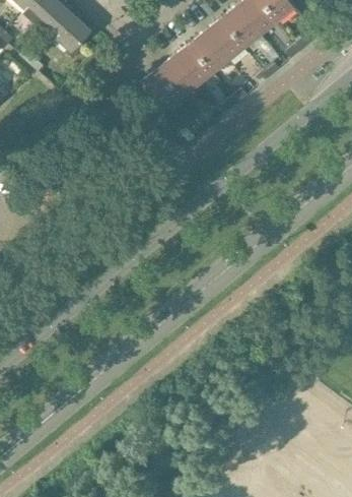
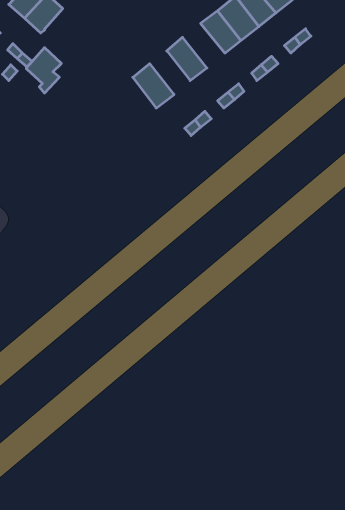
building: [56,15,89,59] -> [26,48,61,93]
building: [188,29,228,72] -> none
building: [156,56,195,98] -> none

